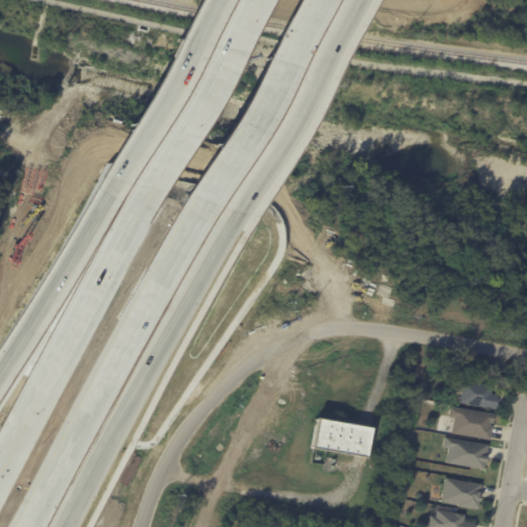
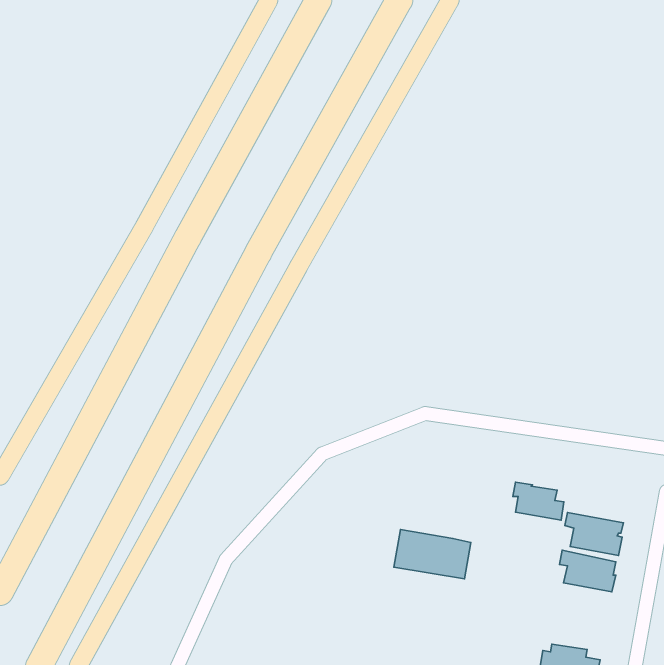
building: [457,379,497,409] -> [513,482,564,520]
building: [443,478,482,508] -> none

